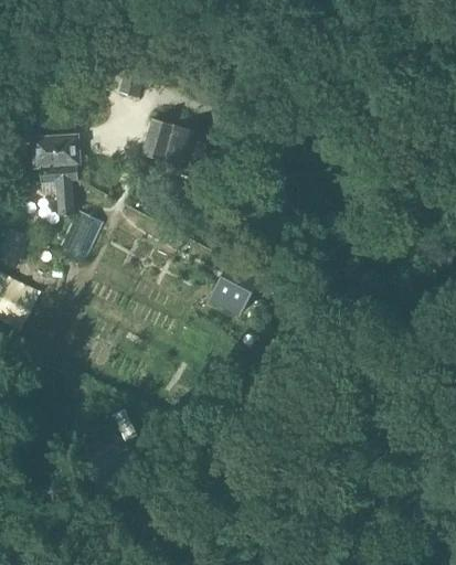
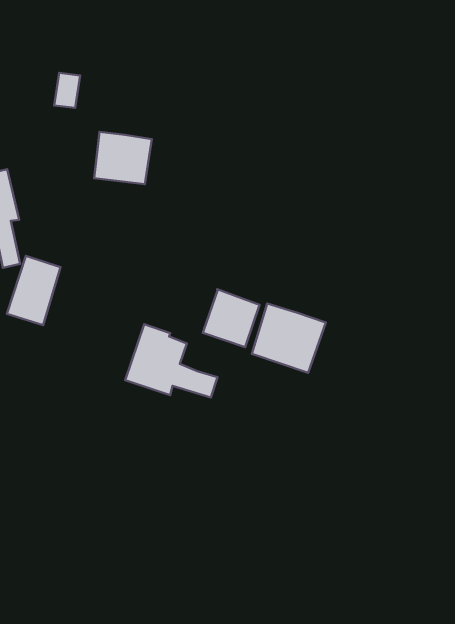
building: none -> [252,304,326,373]
building: none -> [125,324,218,398]

